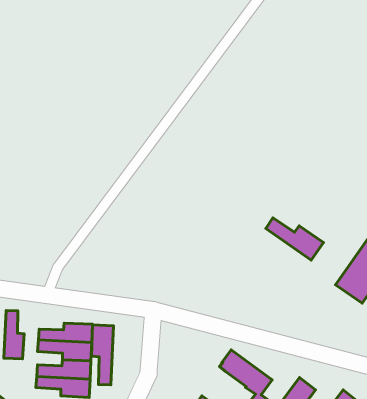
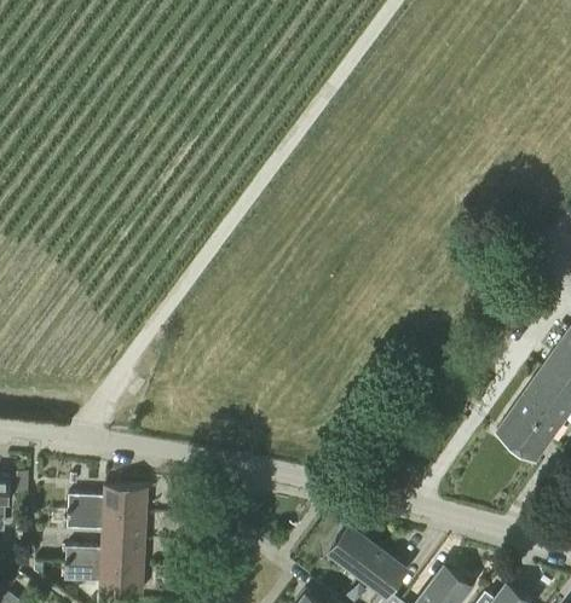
building: [266,218,324,260] -> none
building: [4,311,24,359] -> none
building: [92,325,114,385] -> none

